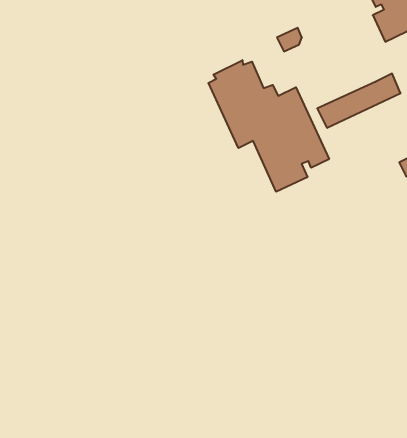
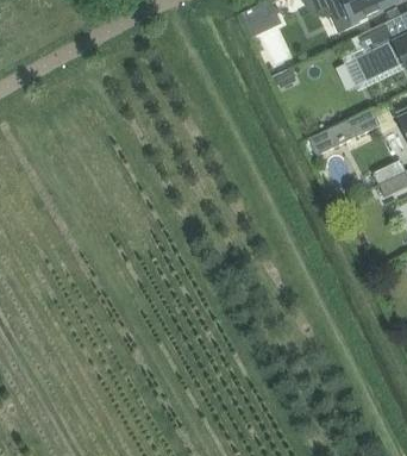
building: [208,60,329,192] -> none

